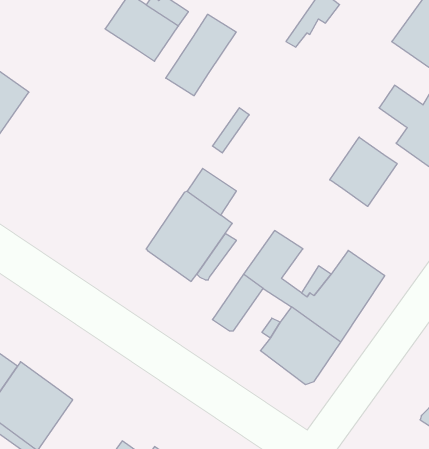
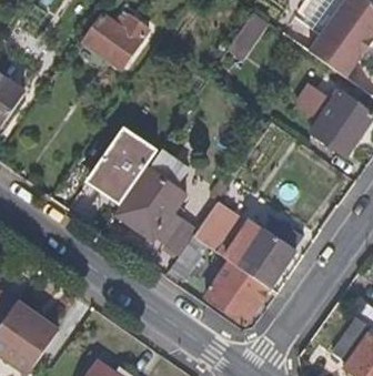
building: [166,14,236,96] -> none
building: [330,137,397,206] -> none
building: none -> [73,130,141,196]

